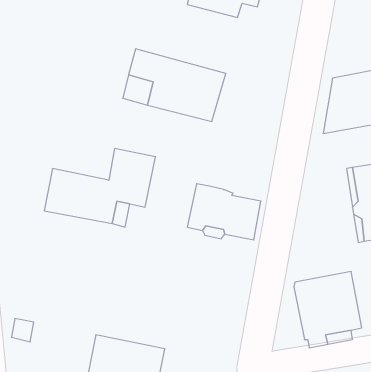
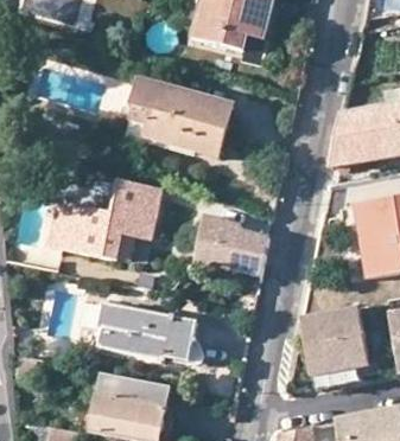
building: none -> [97,302,195,359]

